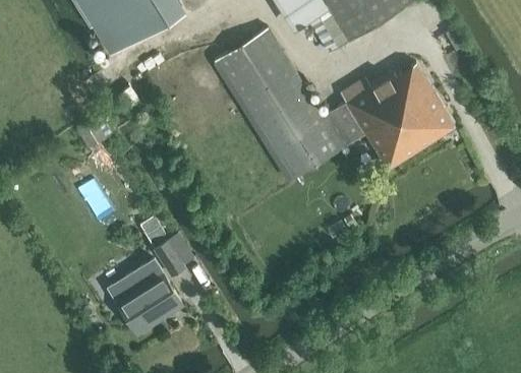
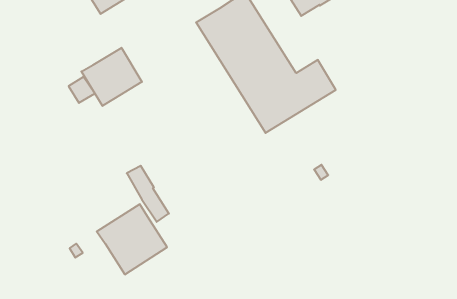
building: [340,64,454,171] -> none
building: none -> [81,48,142,106]

